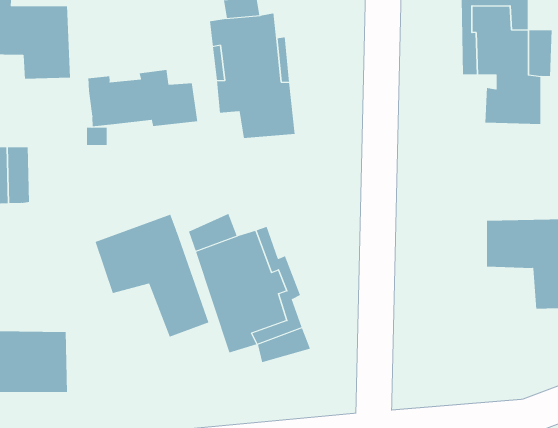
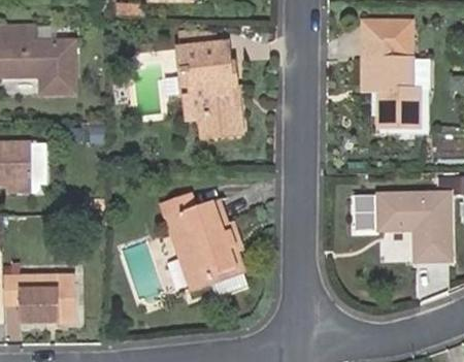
building: [88,69,198,127] -> none
building: [95,214,209,337] -> none
building: none -> [355,195,378,229]

